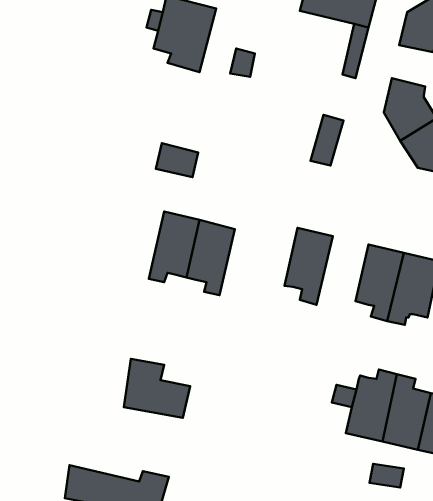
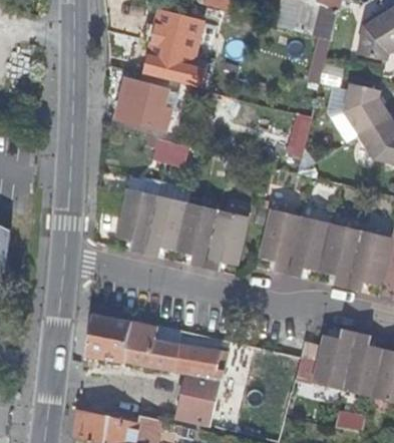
building: none -> [117,79,170,130]
building: none -> [117,187,158,253]
building: none -> [206,210,249,271]
building: none -> [288,216,332,278]
building: none -> [85,314,130,364]
building: none -> [174,344,223,424]

